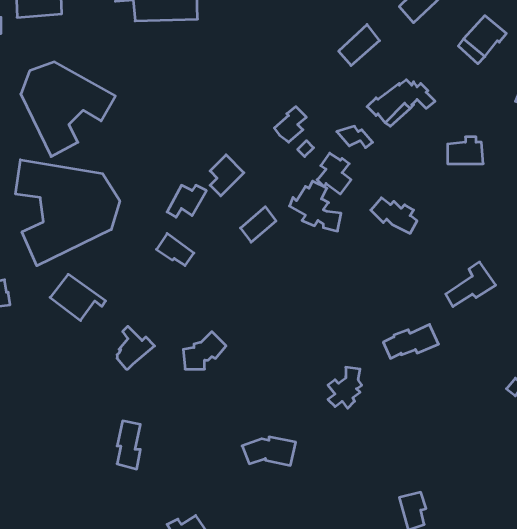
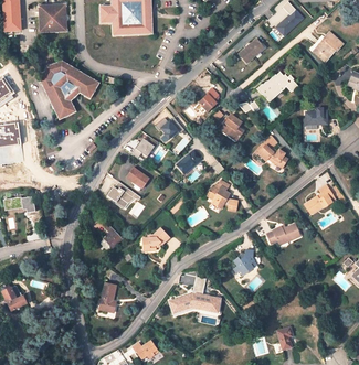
building: [16,160,120,266] -> none
building: [289,181,341,231] -> [207,180,239,211]
building: [50,274,106,321] -> [106,180,140,208]

